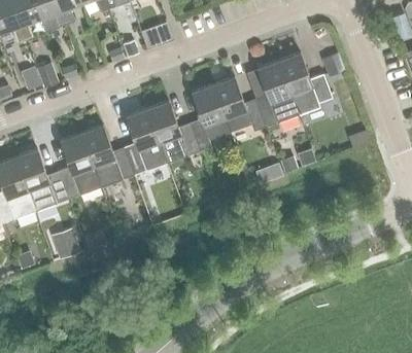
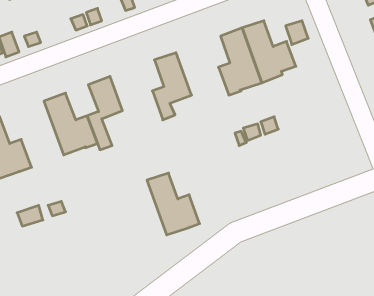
building: [212,76,265,131] -> none
building: [146,101,199,163] -> [147,173,200,235]
building: [58,133,100,199] -> none

